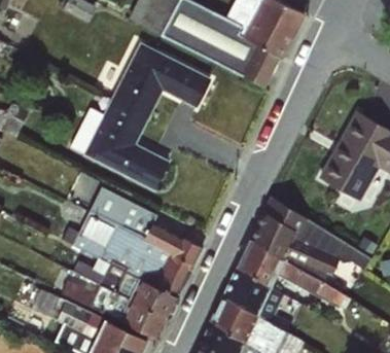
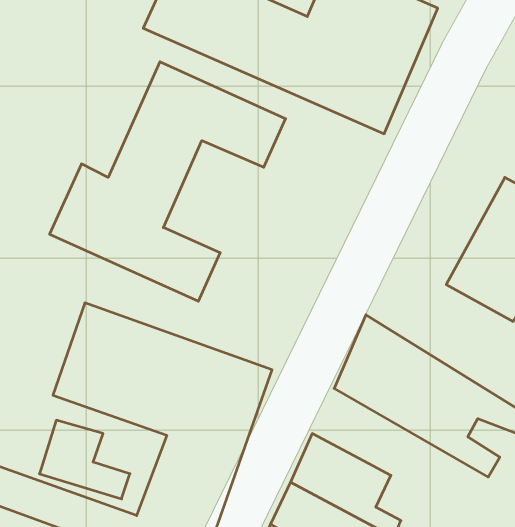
building: [231,242,345,310] -> none

